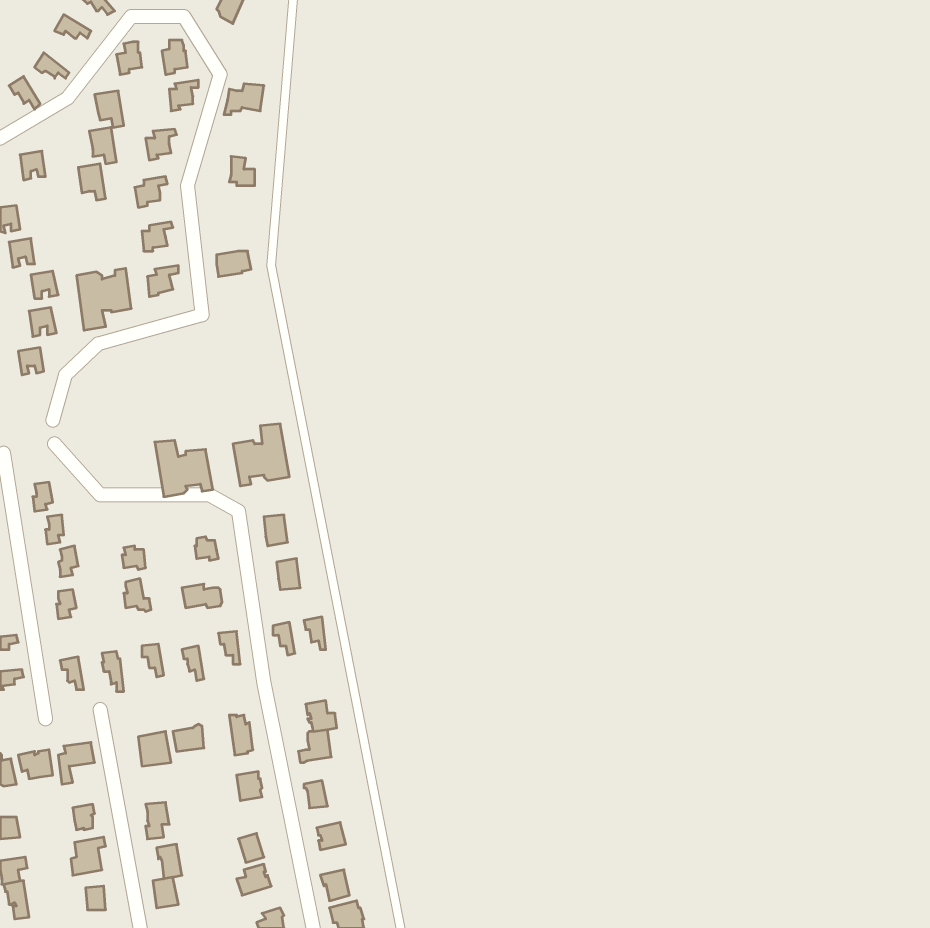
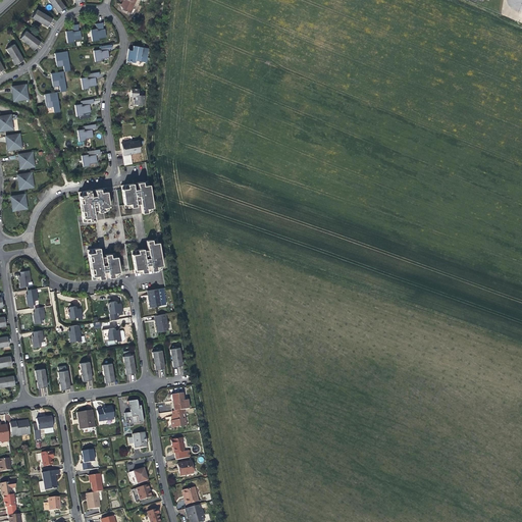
building: [77,268,131,330] -> [79,187,109,221]
building: none -> [121,180,153,212]

